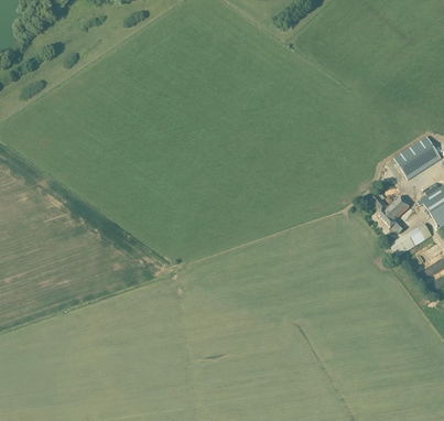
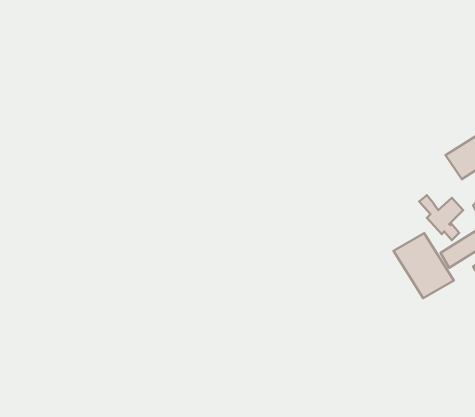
building: none -> [394,233,454,298]

